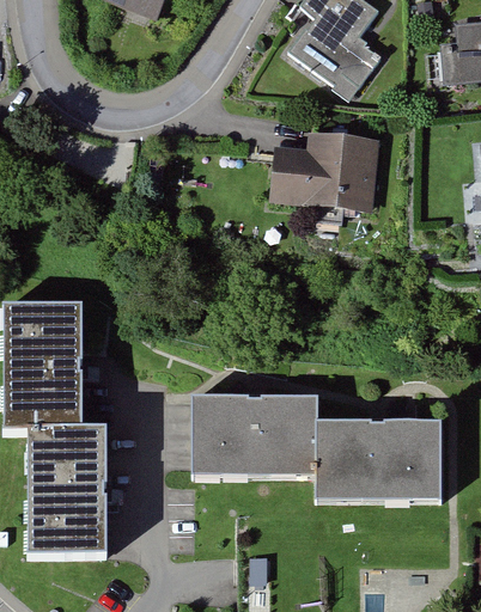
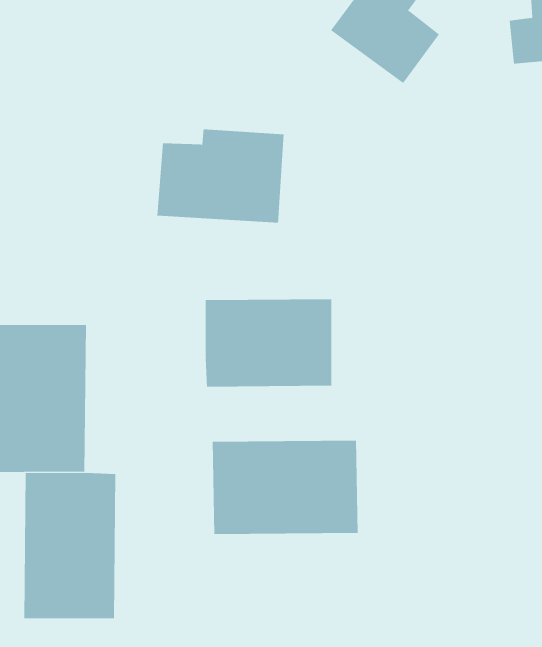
building: [268,133,377,213] -> [156,129,285,223]
building: none -> [205,298,332,388]
building: [315,422,438,502] -> none

